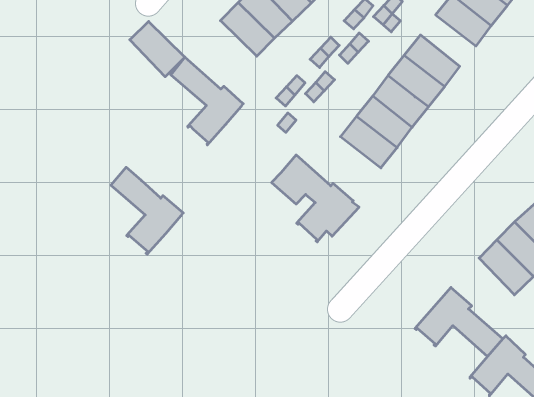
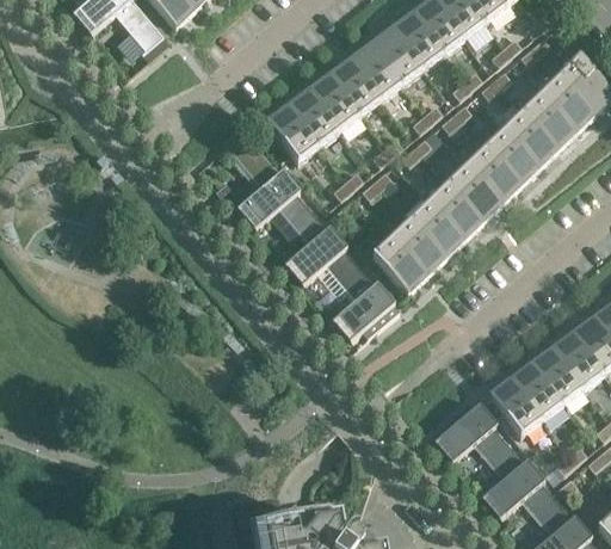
building: none -> [483,130,537,185]
building: [130,21,185,77] -> [265,105,317,162]
building: none -> [370,238,425,292]
building: [111,167,183,254] -> [277,193,345,283]
building: none -> [487,378,539,436]

